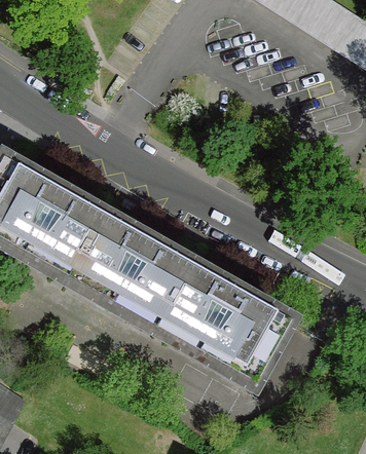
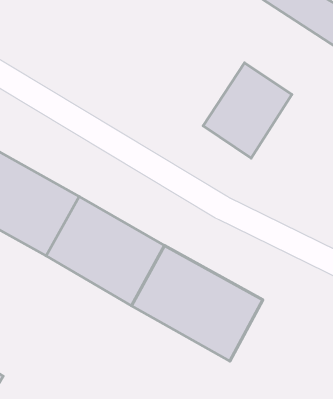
building: none -> [203,63,292,158]

